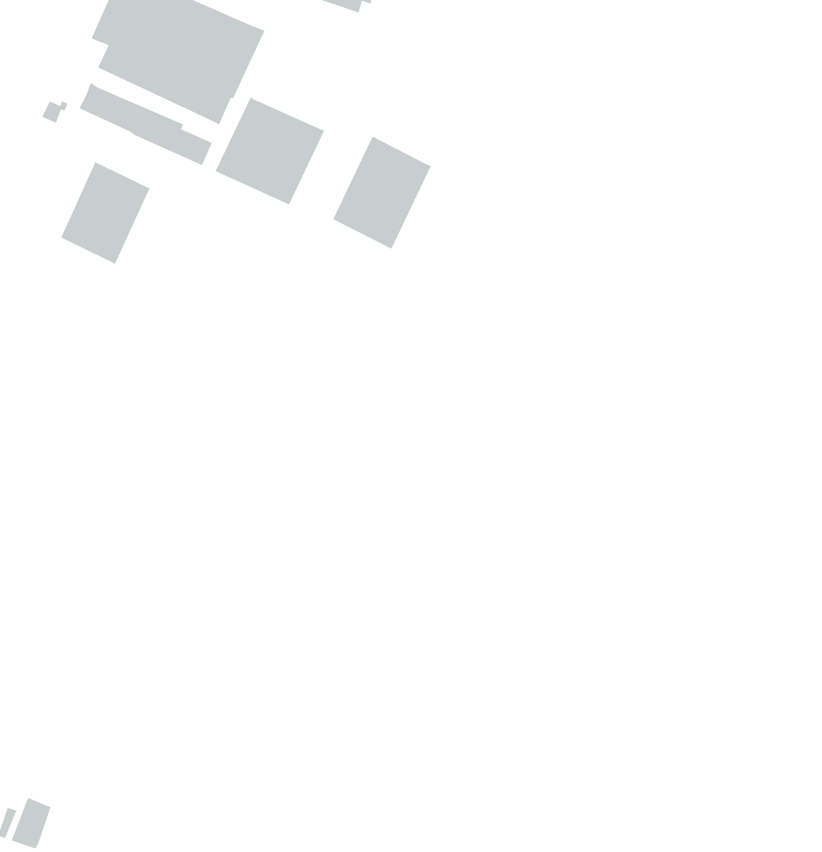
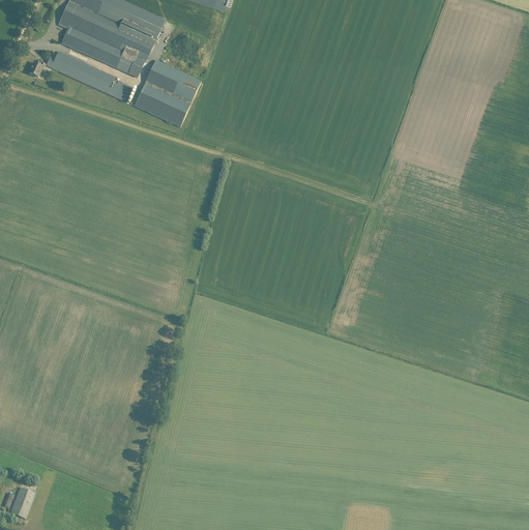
building: [332,136,432,250] -> none
building: [60,161,150,265] -> none

